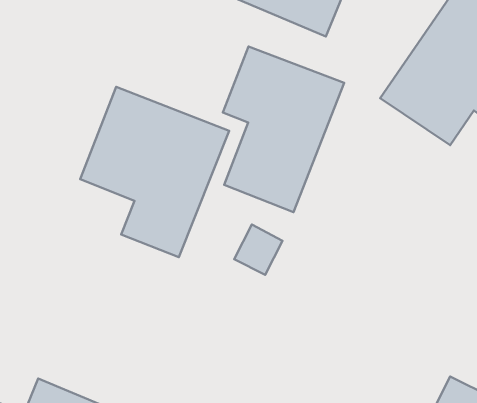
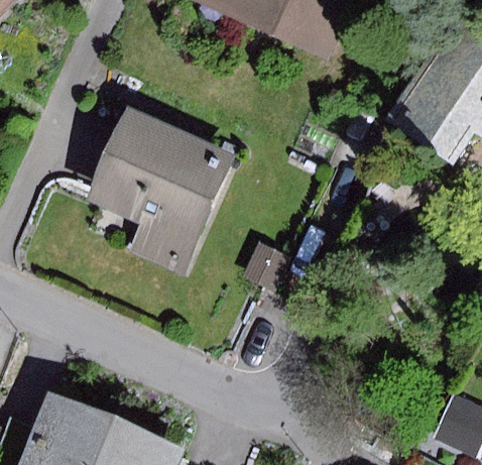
building: [223,47,344,212] -> none

